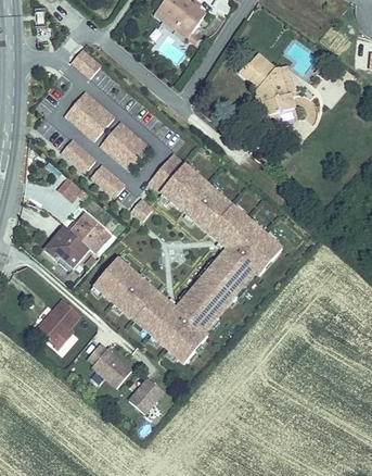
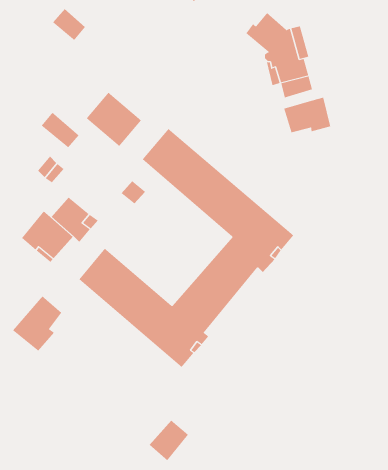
building: [64,91,113,139] -> none
building: none -> [284,97,331,133]
building: [90,164,124,197] -> none
building: [87,342,130,387] -> none
building: [128,377,163,413] -> [149,420,189,461]

